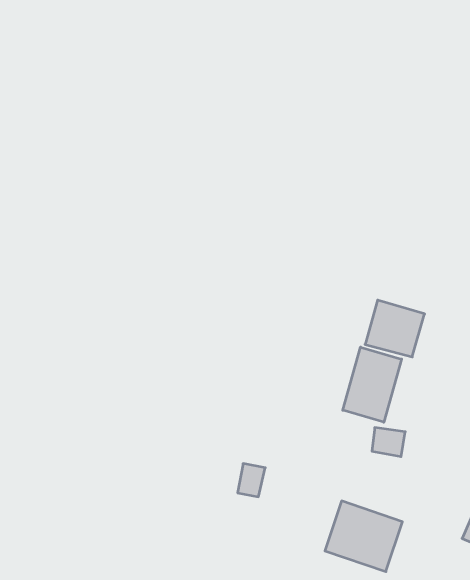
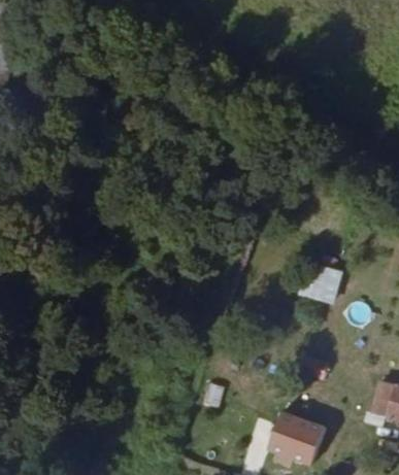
building: [343,347,402,422] -> none

